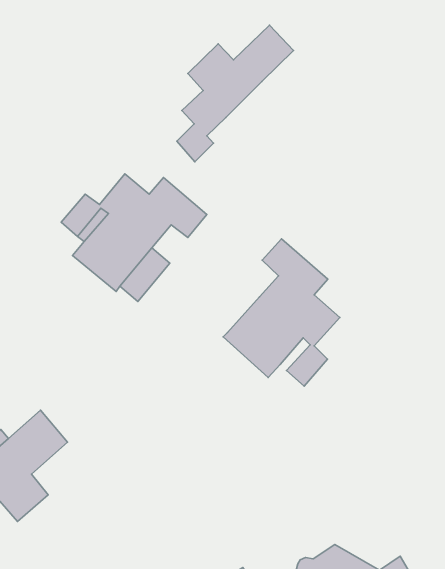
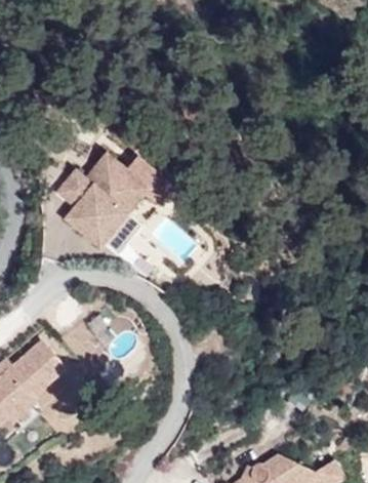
building: [177,25,294,162] -> none
building: [223,239,340,386] -> none

